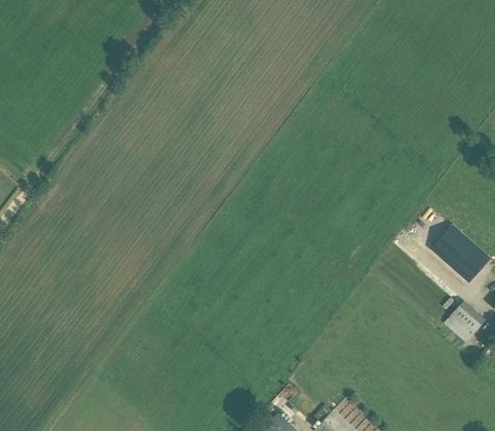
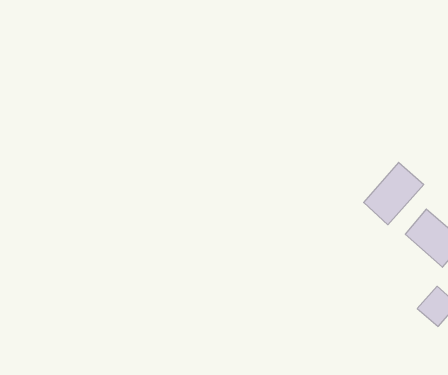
building: none -> [364,162,424,225]

